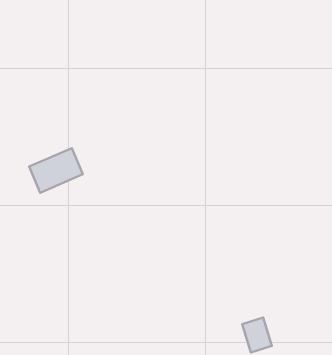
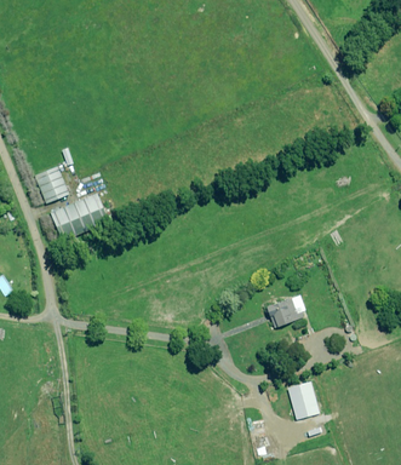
building: none -> [34,165,69,203]
building: none -> [268,294,304,327]

